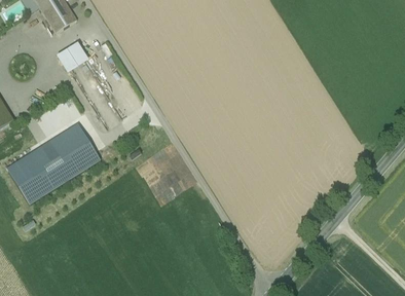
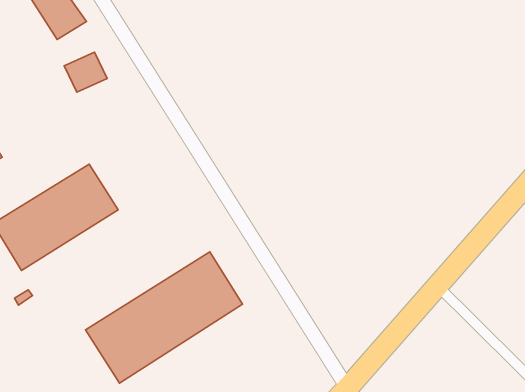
building: none -> [86,252,242,383]

